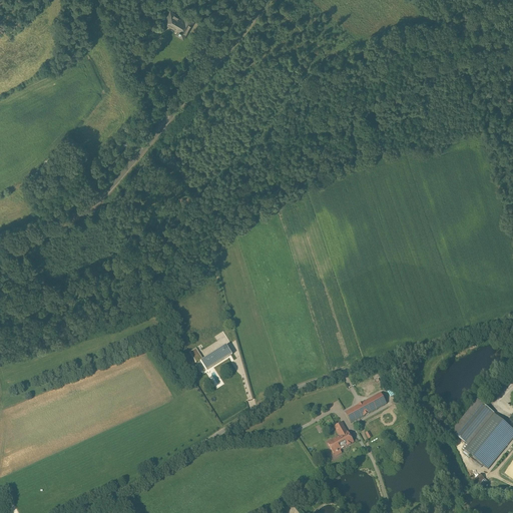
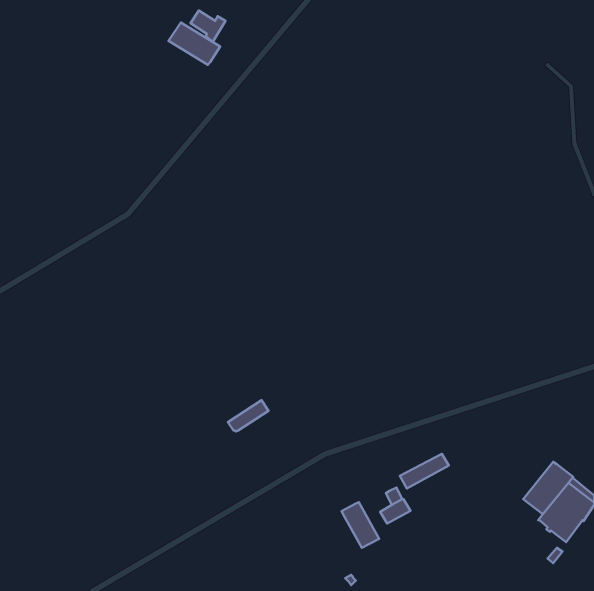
building: none -> [169,22,220,65]
building: none -> [341,502,379,548]

